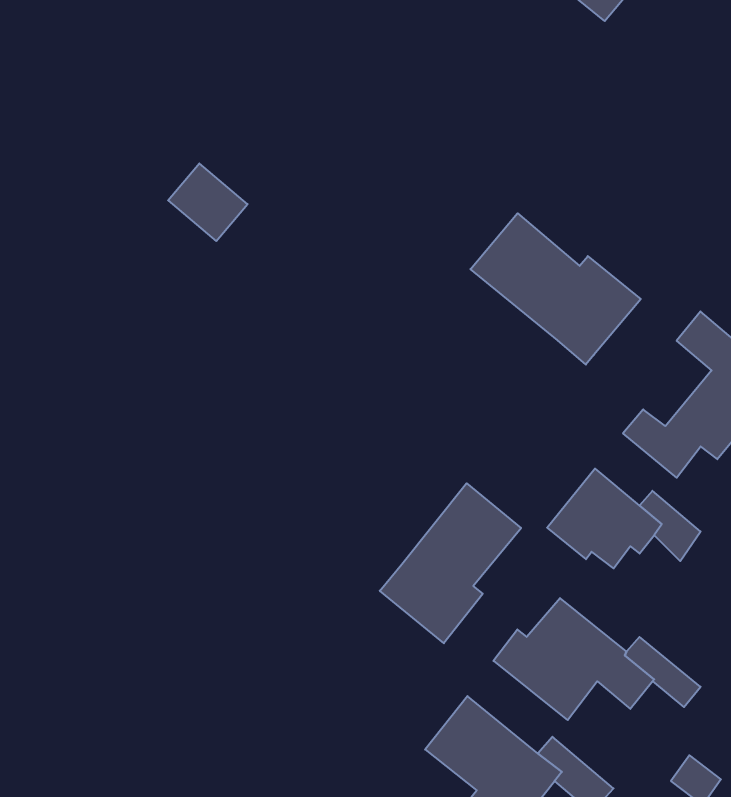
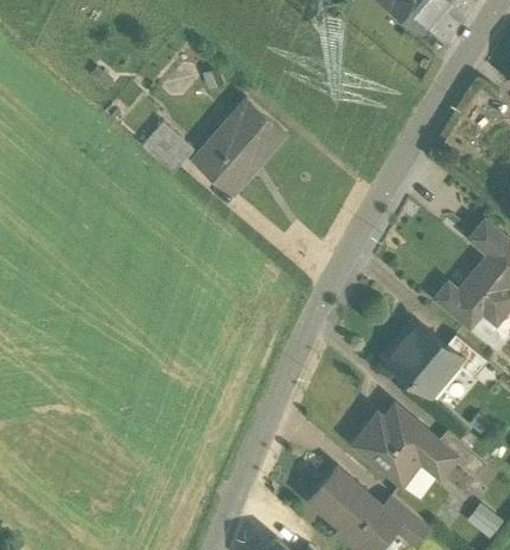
building: none -> [193,101,284,194]
building: [470,213,641,365] -> none
building: [380,483,521,643] -> none

